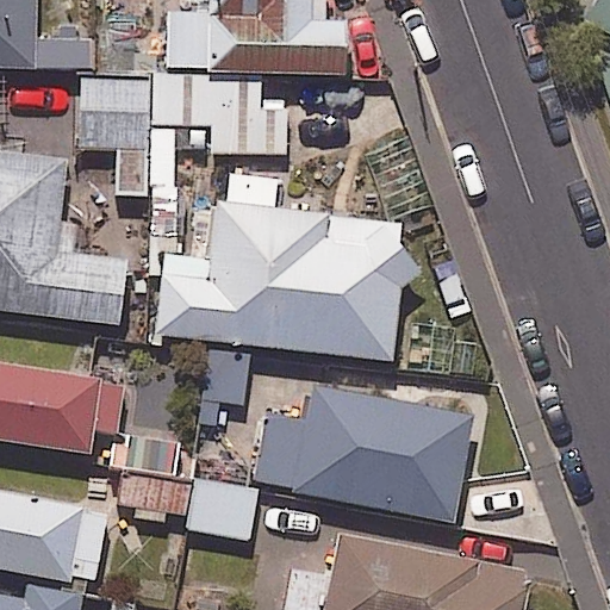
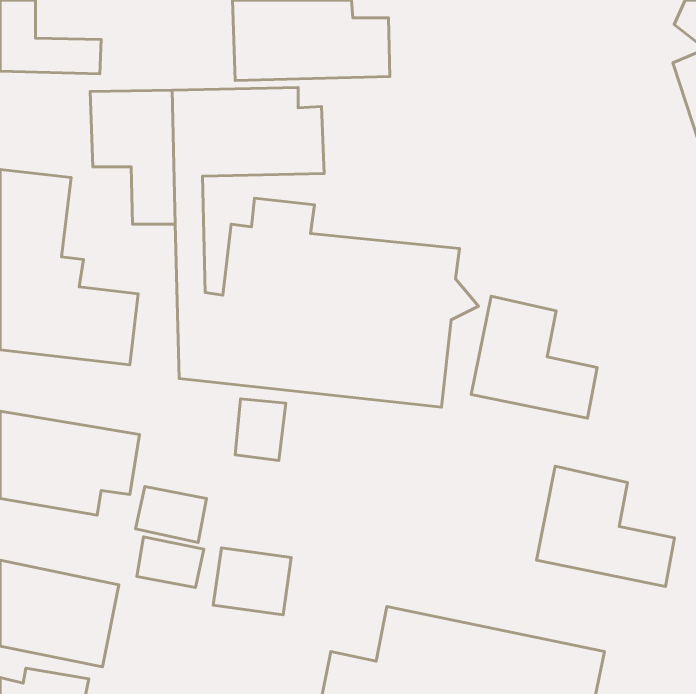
building: none -> [471,296,597,418]
building: [253,381,472,522] -> none
building: none -> [536,466,675,587]

